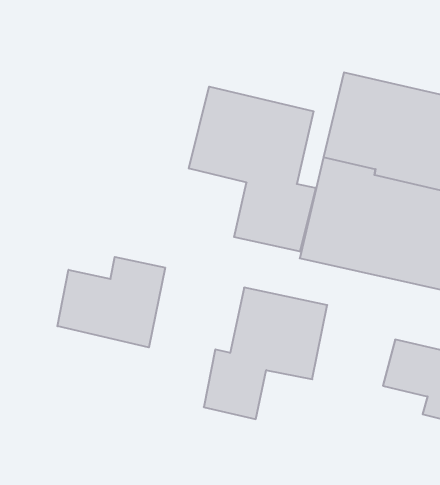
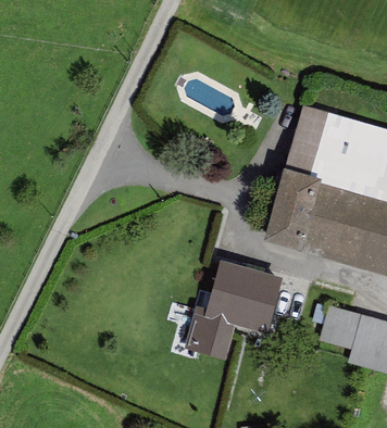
building: [189,87,316,252] -> none
building: [57,257,165,347] -> none

